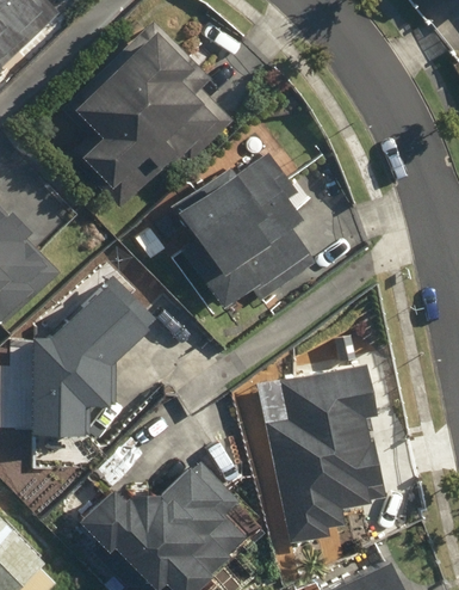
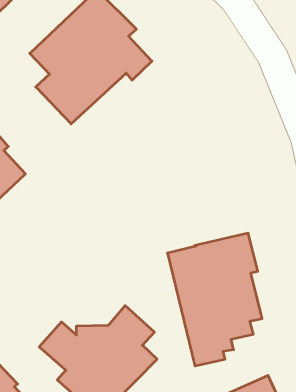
building: [173,148,314,306] -> none
building: [32,282,155,441] -> none

